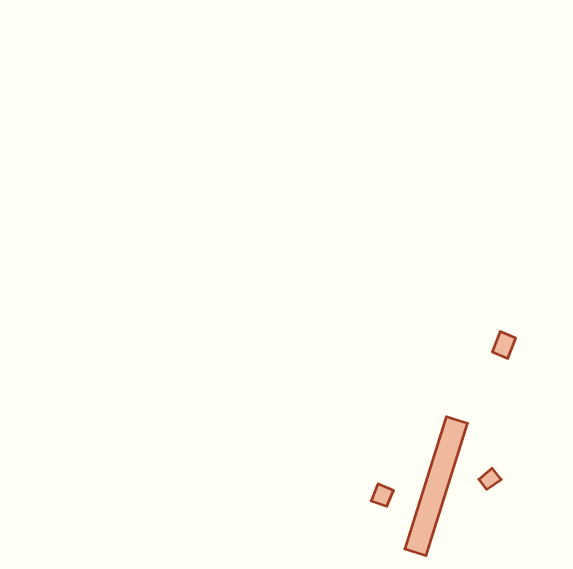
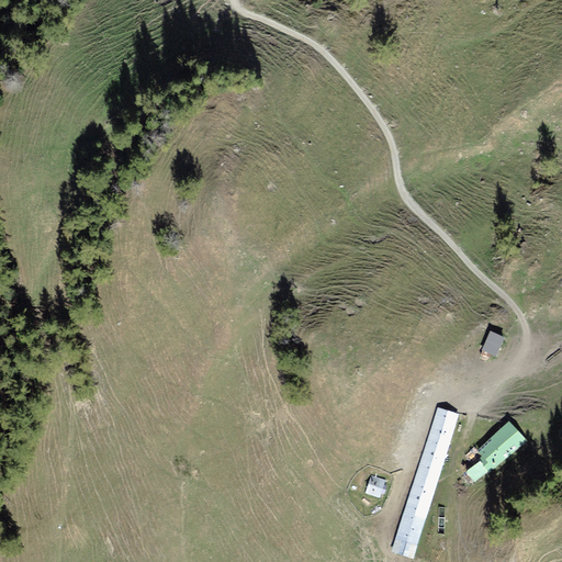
building: none -> [477,420,528,470]

